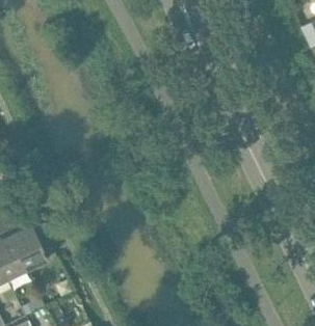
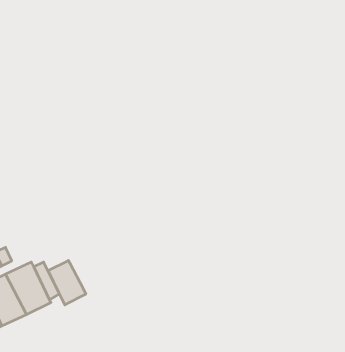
building: none -> [48,260,86,305]

